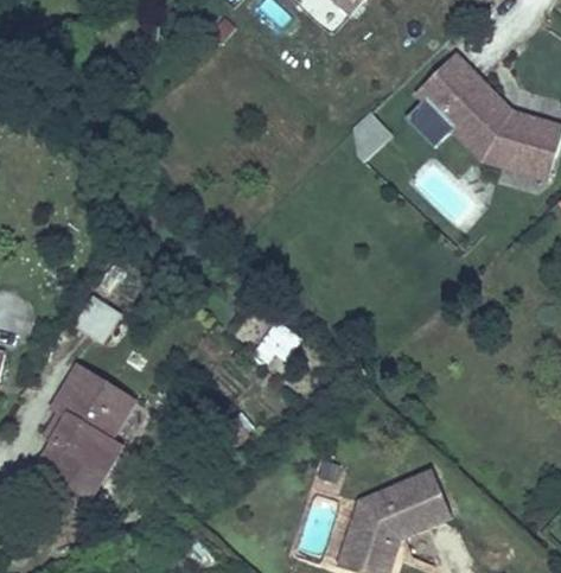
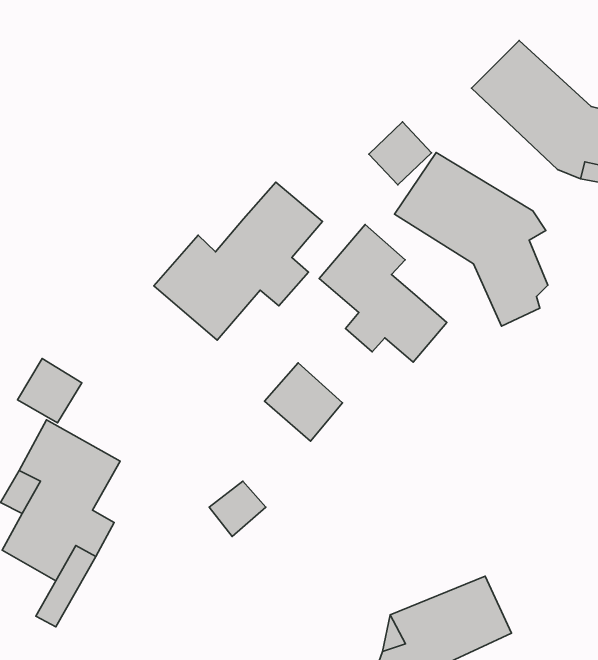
building: none -> [395,152,548,326]
building: none -> [154,182,323,340]
building: none -> [319,225,447,362]

